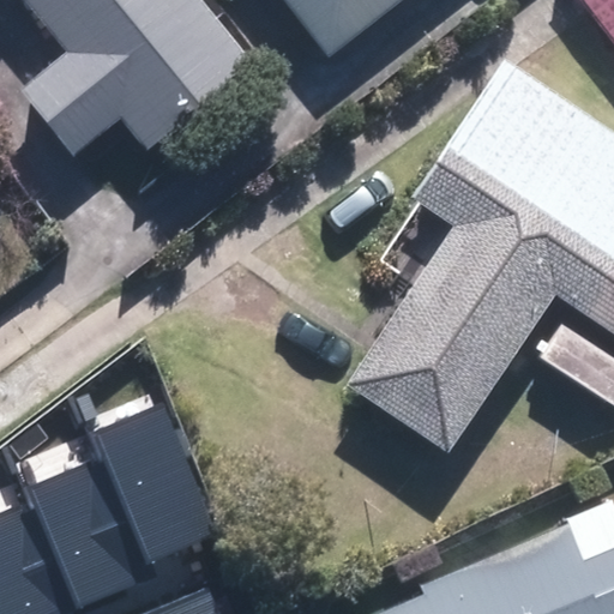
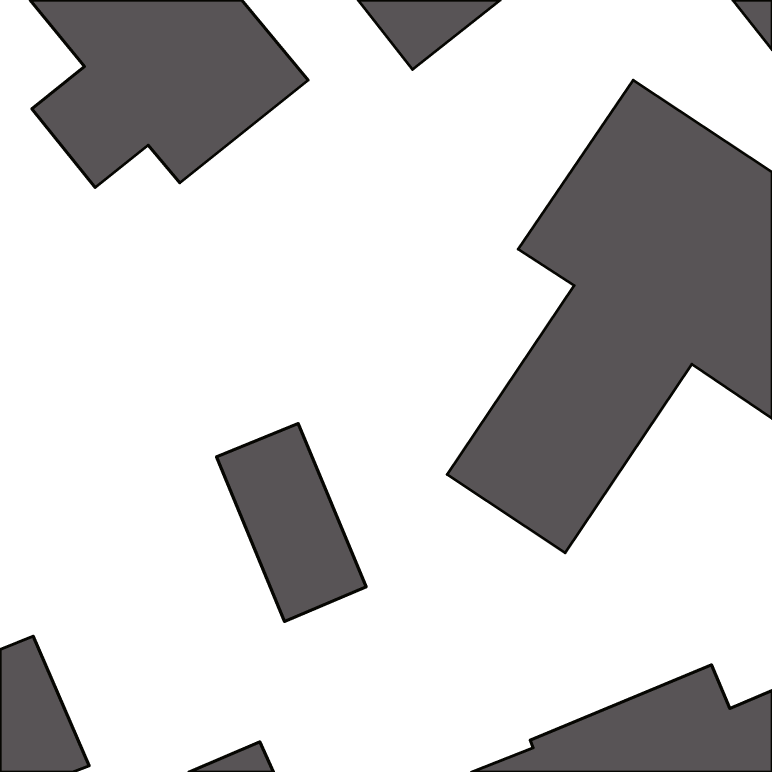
building: [95,408,213,565] -> [217,424,366,622]
building: [31,463,142,607] -> none

